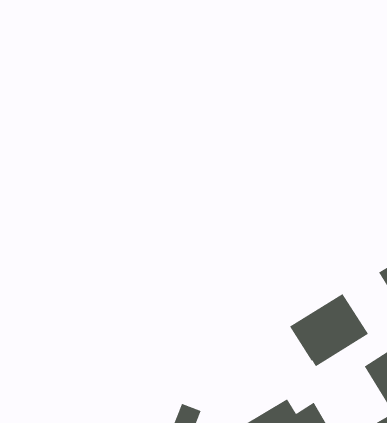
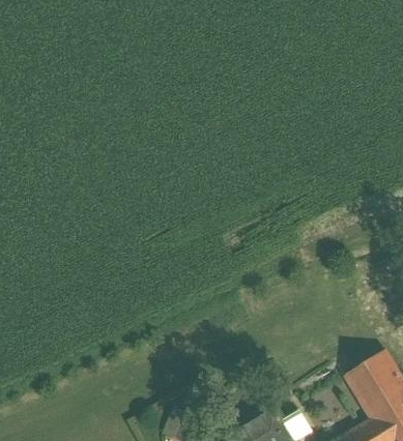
building: [289,293,369,367] -> none

